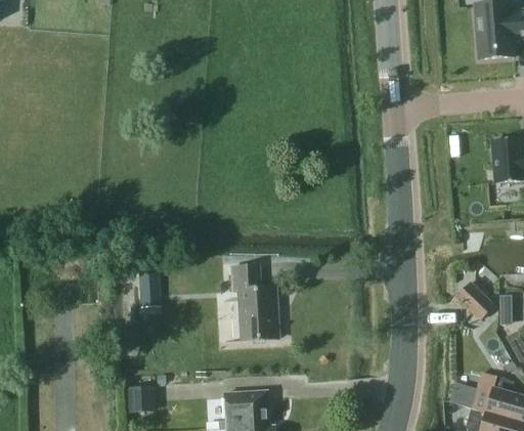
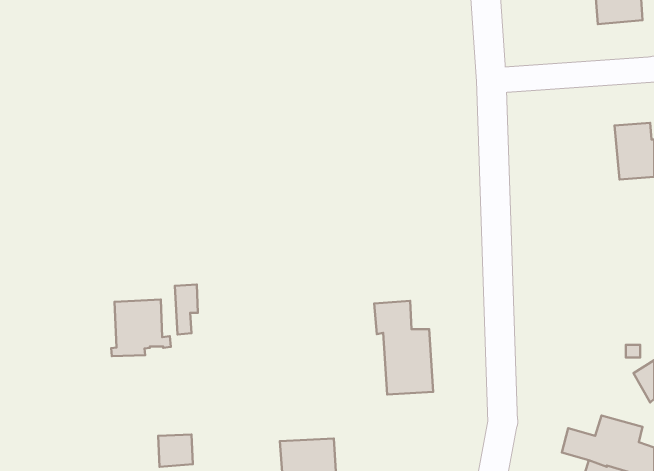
building: [230,264,277,339] -> [374,301,433,394]
building: none -> [111,299,171,356]
building: [455,281,495,321] -> none

